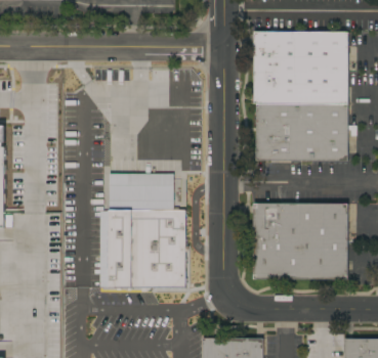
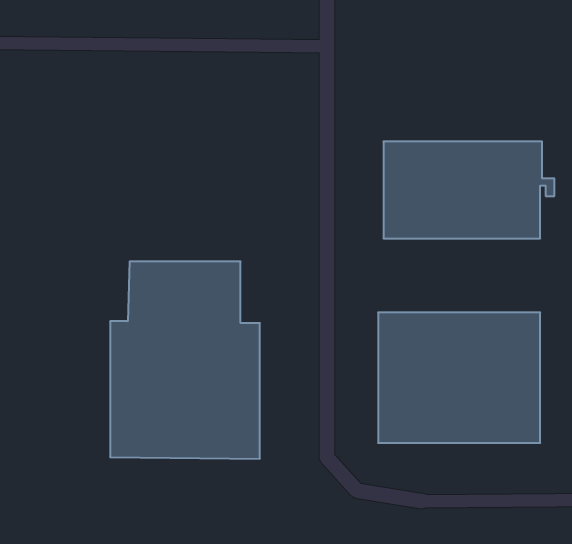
building: [254,30,348,102] -> none

